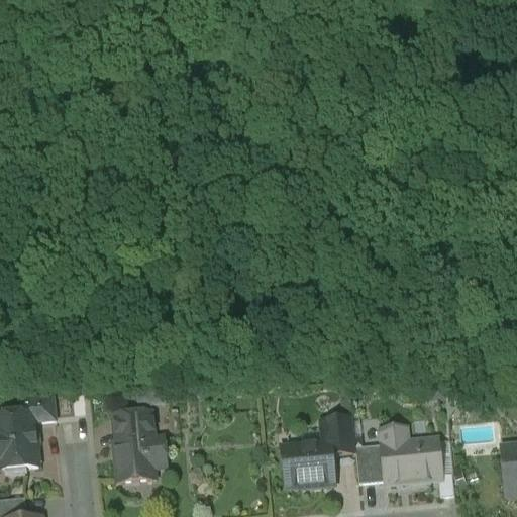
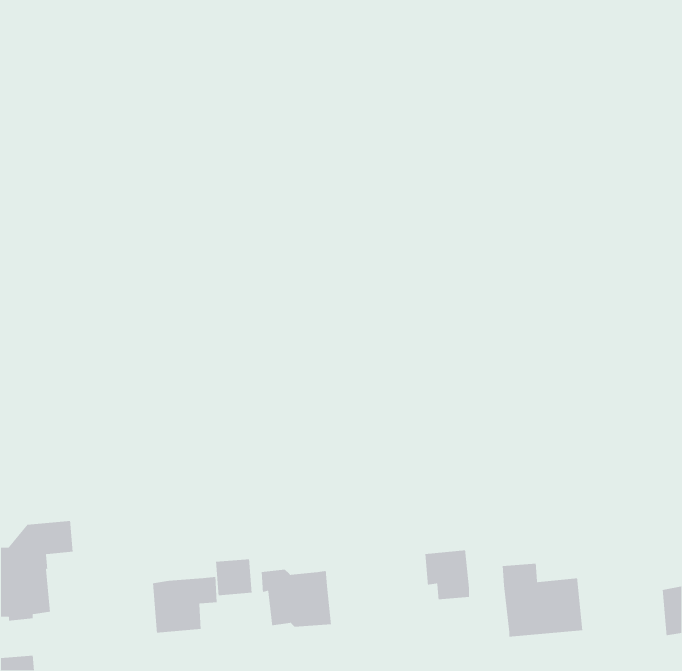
building: [125,411,153,439] -> [215,559,252,596]
building: [281,441,334,486] -> [261,569,332,627]
building: [355,443,385,481] -> none

